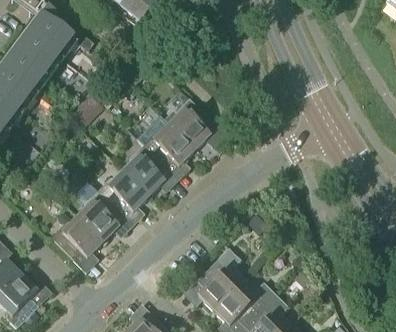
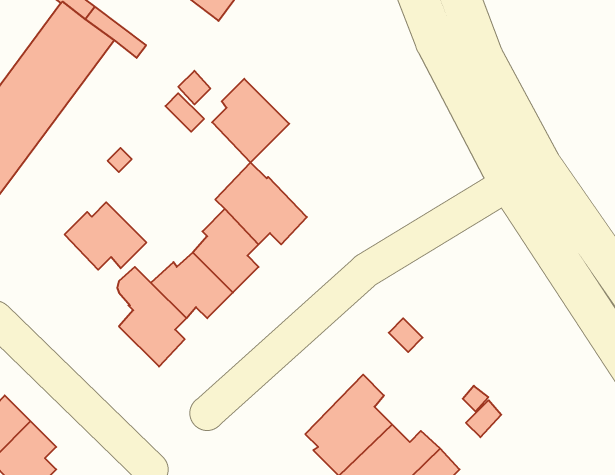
building: [170,96,218,148] -> [212,79,289,162]
building: [51,216,102,258] -> [65,202,146,270]

